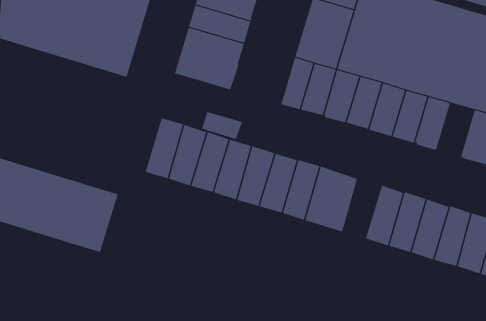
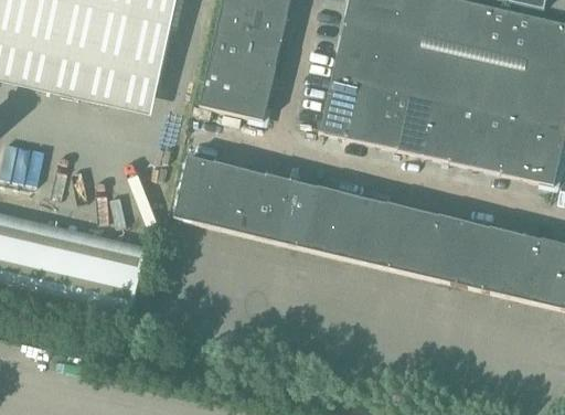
building: none -> [497,117,535,177]
building: [202,111,243,140] -> none
building: none -> [398,206,438,274]

